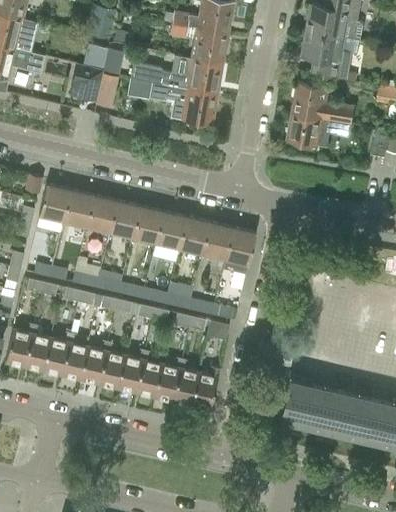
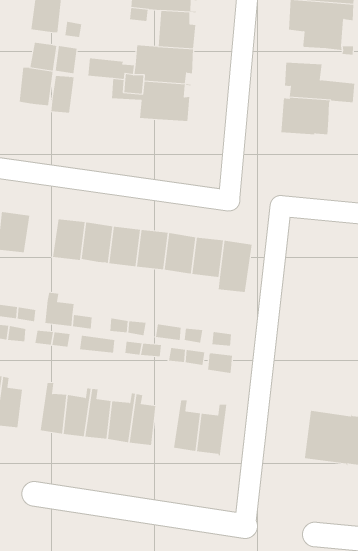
building: [62,191,93,228] -> none
building: [42,332,70,373] -> none
building: [153,358,181,399] -> none

